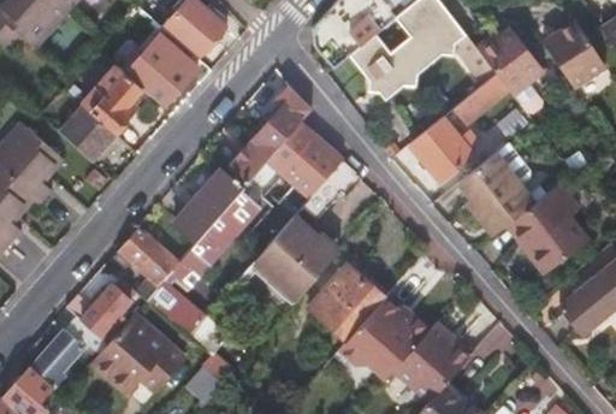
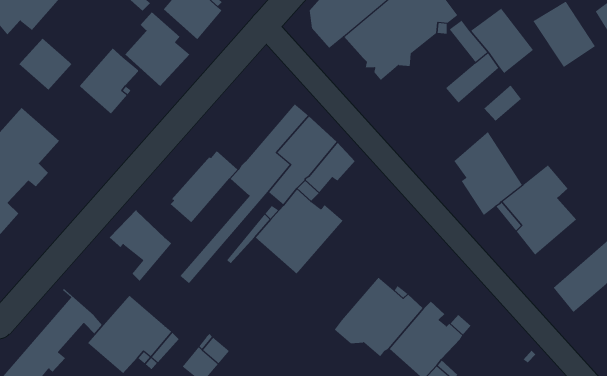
building: [226,85,310,184] -> none
building: [63,108,117,161] -> [18,38,72,90]
building: [407,114,475,179] -> none
building: [143,197,253,338] -> none
building: [308,264,383,339] -> none
building: [66,278,135,335] -> none

